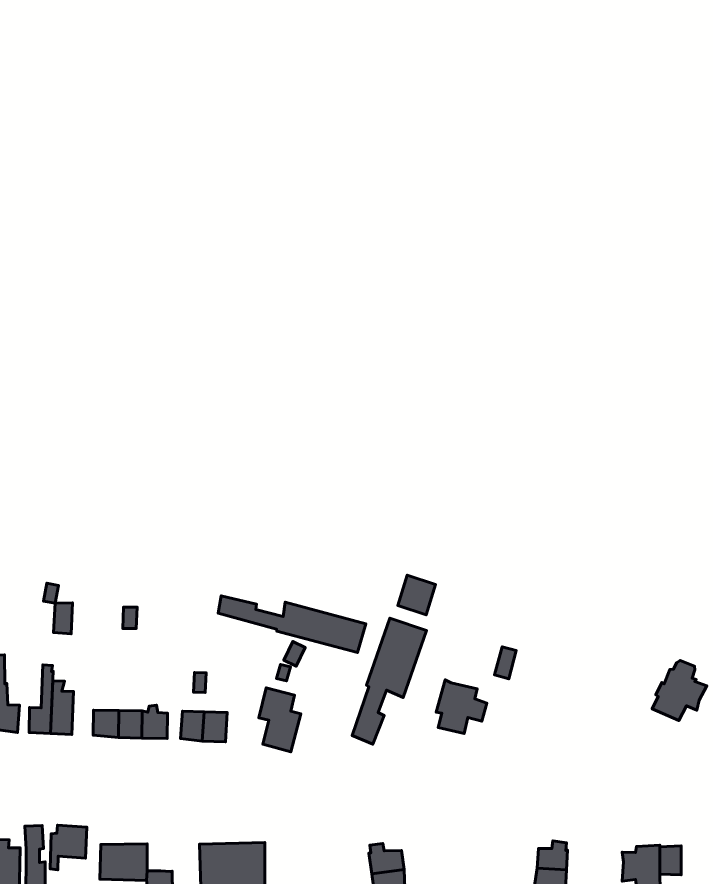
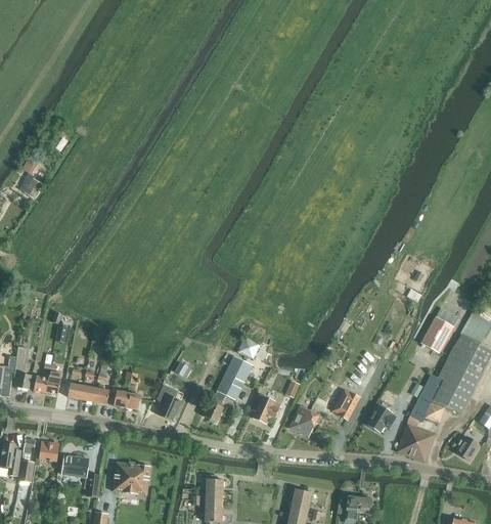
building: [218,596,366,653] -> none
building: none -> [330,389,357,419]
building: none -> [288,405,318,436]

